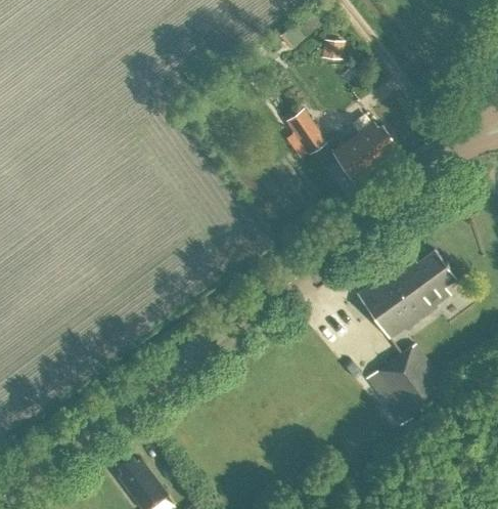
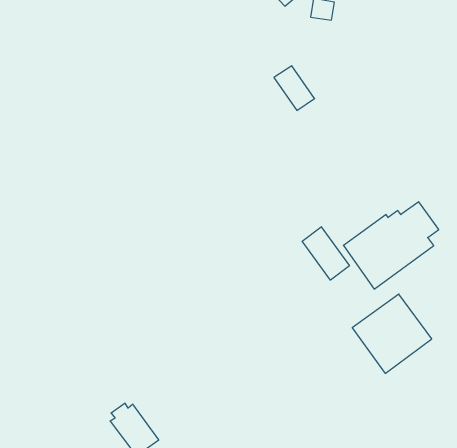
building: [331,123,395,184] -> none
building: none -> [302,227,349,280]

